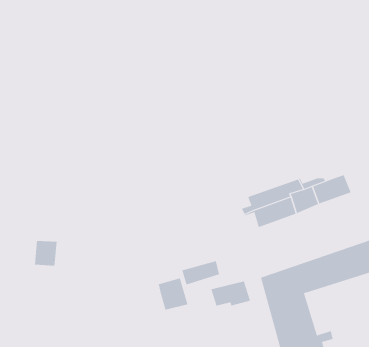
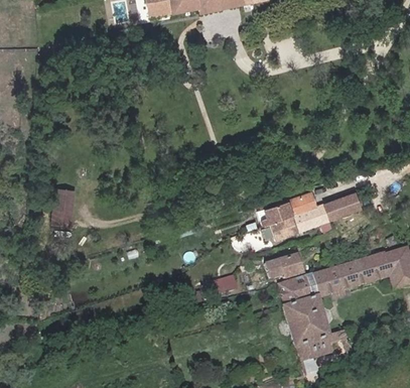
building: [34,241,57,266] -> [54,199,77,223]
building: [158,278,188,311] -> none
building: [211,281,251,306] -> [264,254,302,278]

